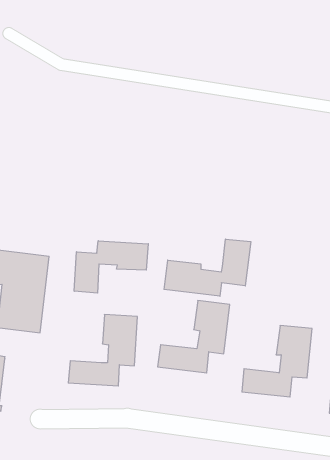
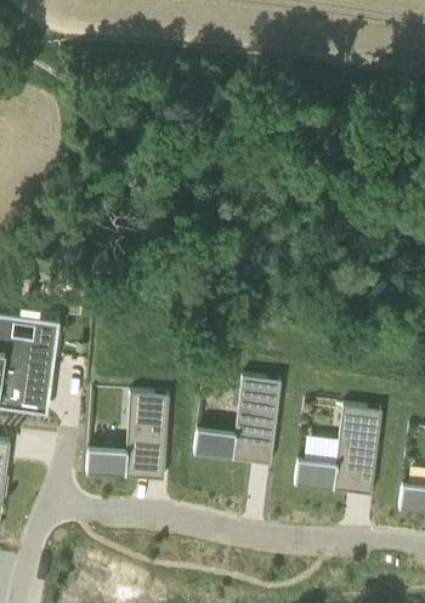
building: [164,239,251,296] -> none
building: [74,241,148,293] -> none

